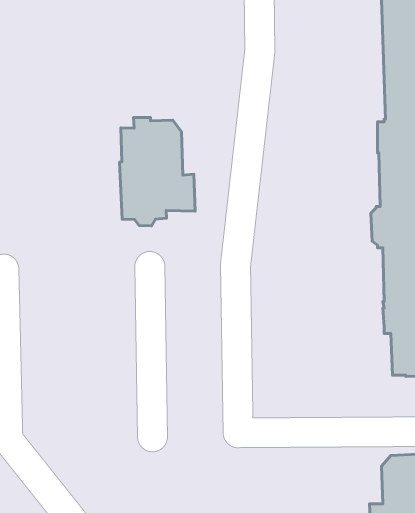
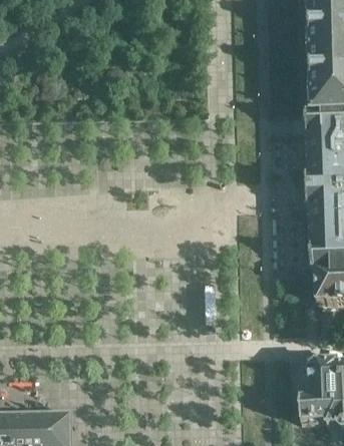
building: [120,118,195,226] -> none

